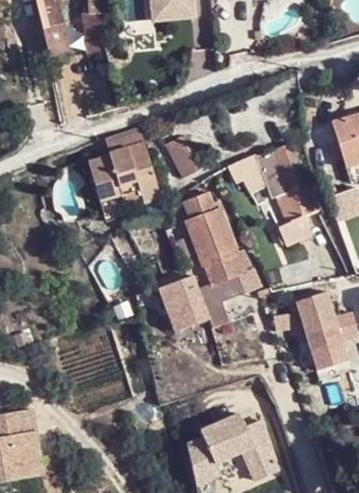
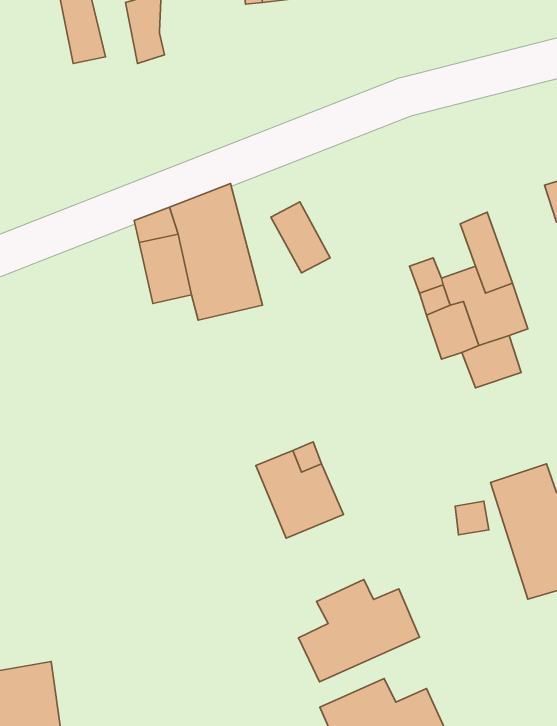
building: [182,189,260,300] -> none
building: none -> [299,580,420,682]

